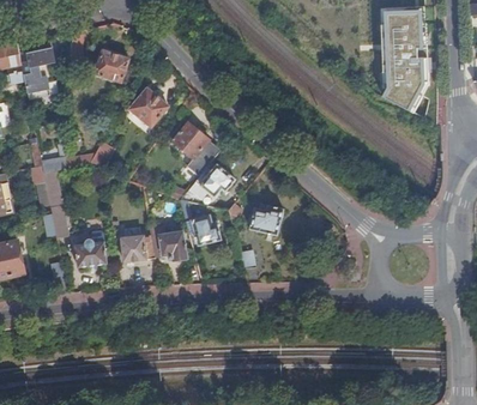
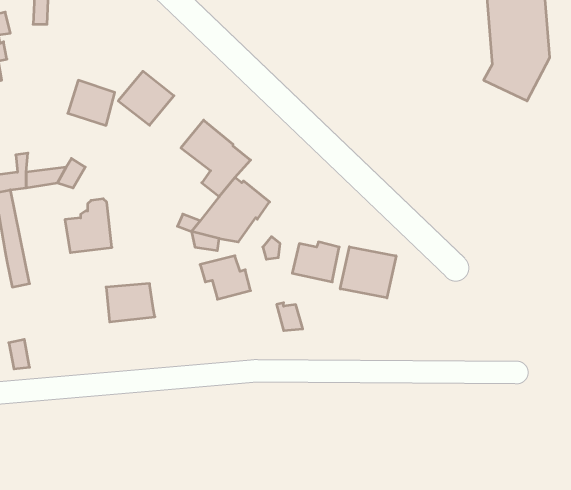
building: [95,50,127,81] -> [68,80,115,125]
building: none -> [340,247,396,298]
building: [150,226,187,260] -> none
building: [74,230,107,267] -> [65,199,112,253]

